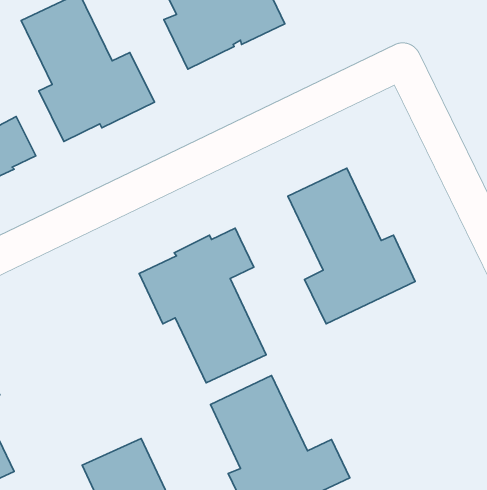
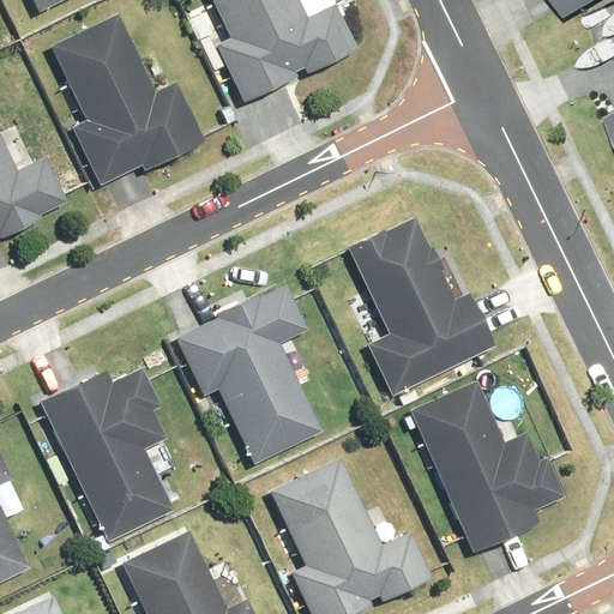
building: none -> [46,368,181,543]
building: none -> [404,379,561,550]

